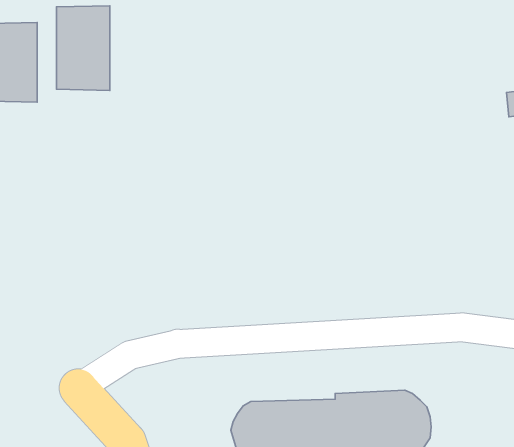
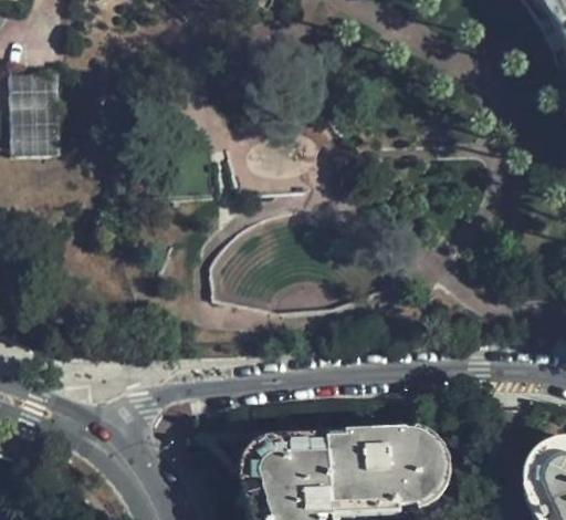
building: [57,6,110,90] -> none

